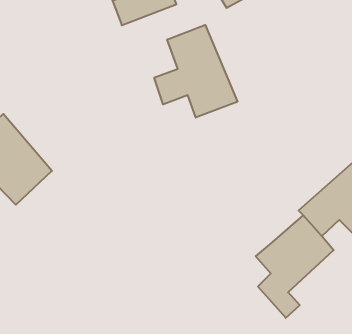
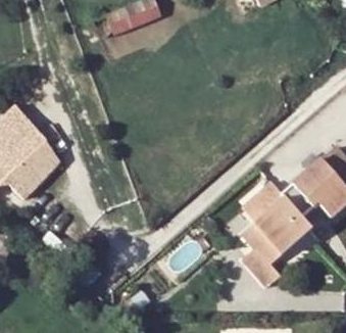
building: [154,25,238,118] -> none
building: none -> [239,181,283,223]

